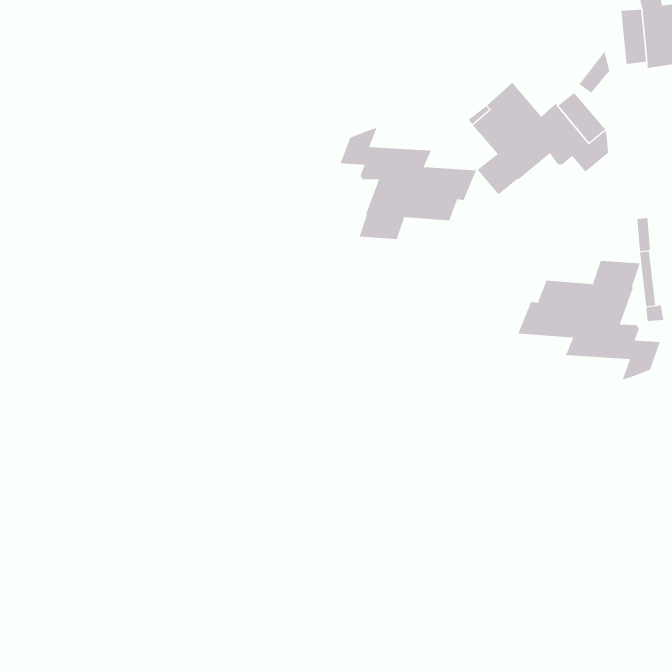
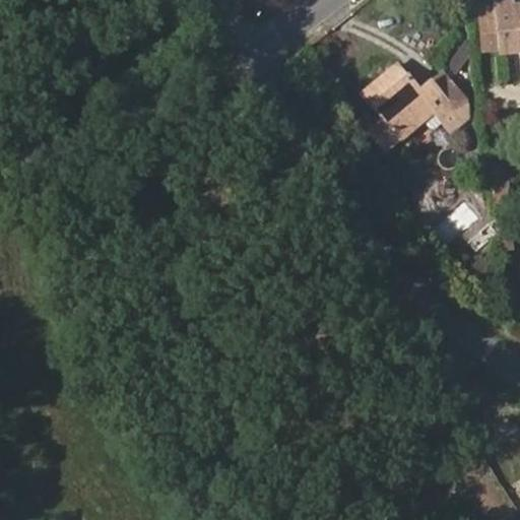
building: [340,127,477,240] -> none
building: [518,260,661,381] -> none

